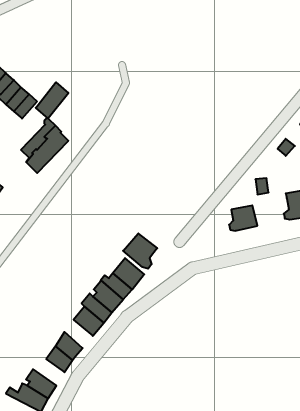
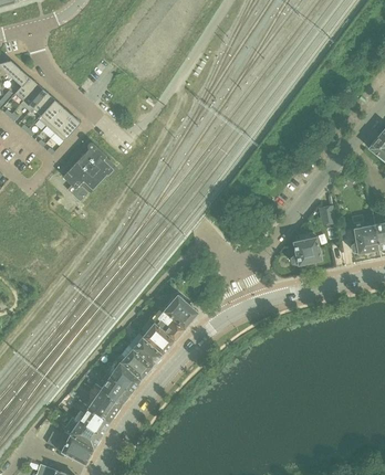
building: [36,82,68,119] -> none
building: [123,233,157,269] -> none
building: none -> [106,361,141,392]
building: none -> [75,404,110,433]

